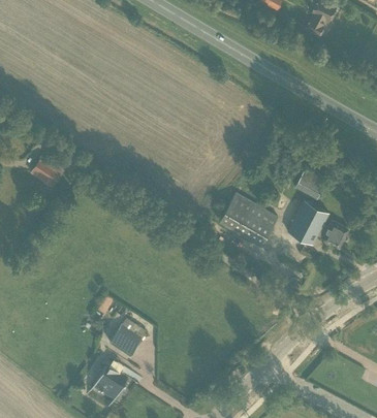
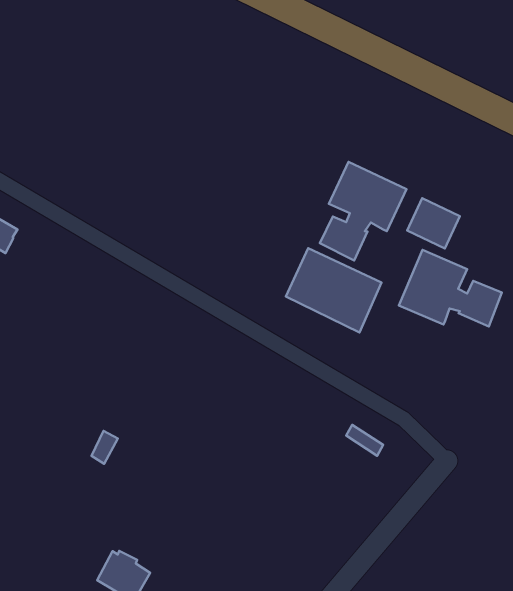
building: none -> [320,162,407,261]
building: [111,323,144,355] -> none

